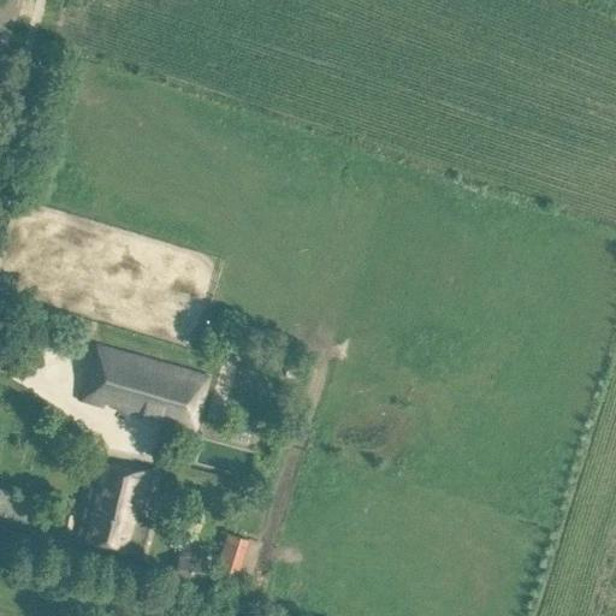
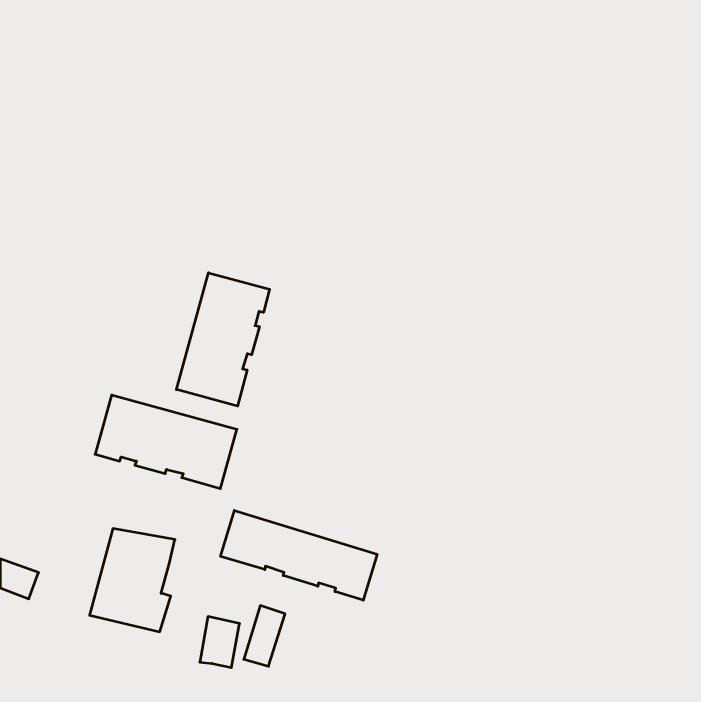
building: none -> [176,273,270,406]
building: none -> [221,510,377,600]

